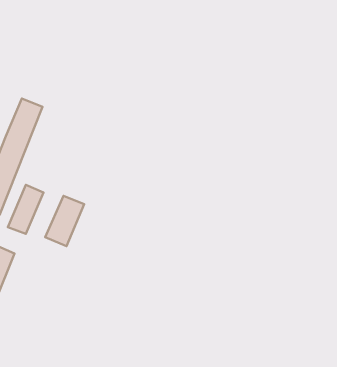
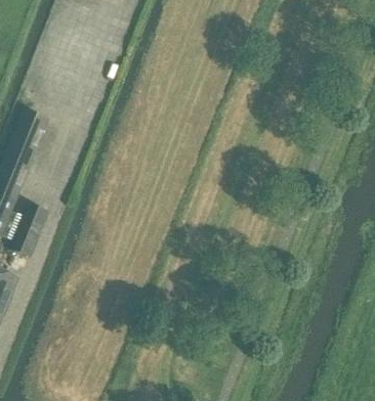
building: [45,196,84,246] -> none

